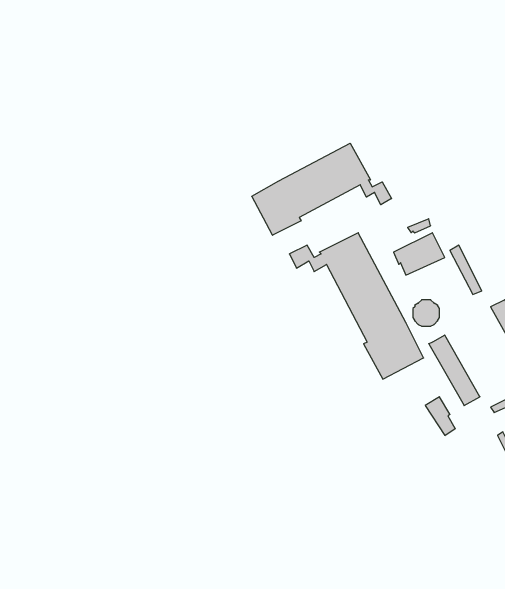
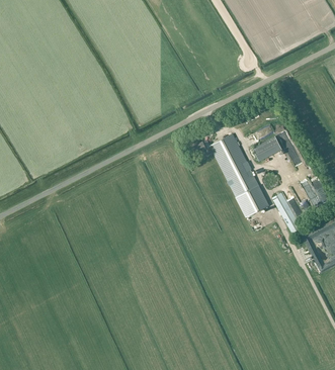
building: [252,143,392,235] -> none

